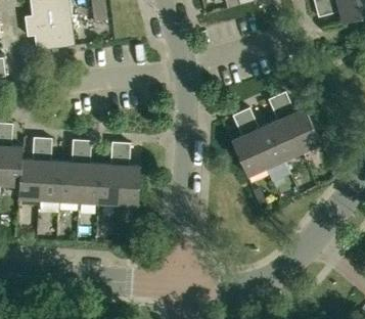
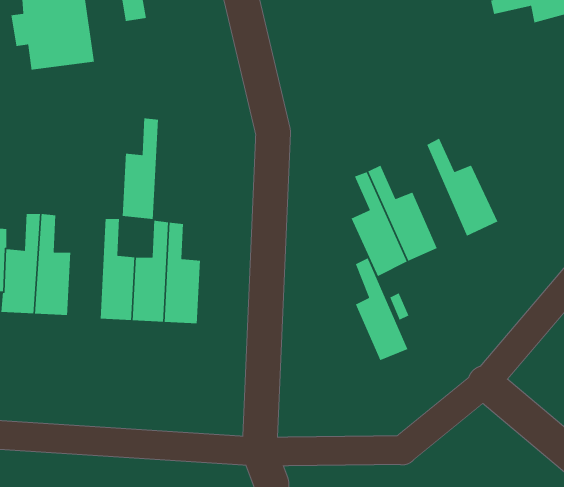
building: [269,97,302,161] -> [355,257,409,361]
building: [59,141,82,203] -> [122,117,159,220]

